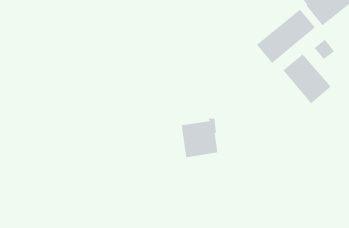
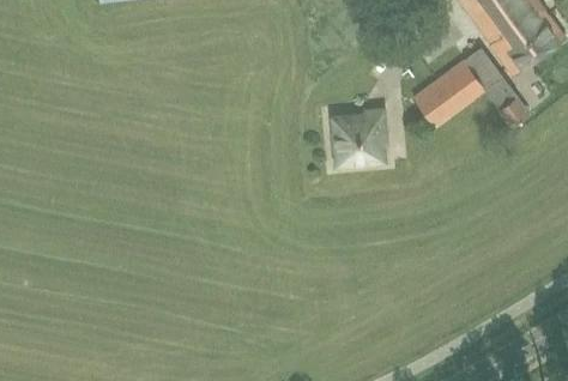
building: [283,54,332,104] -> none
building: [181,118,218,158] -> [333,110,386,167]

